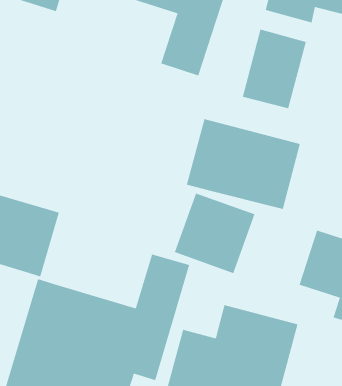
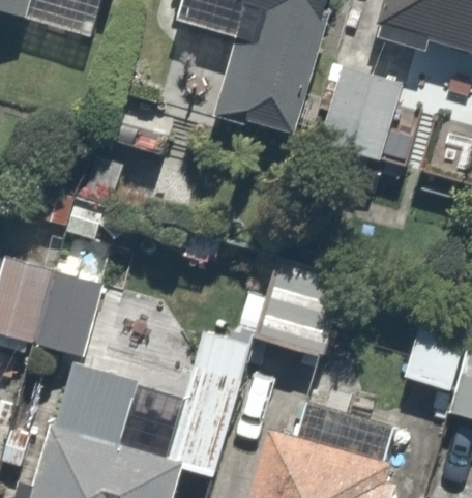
building: [186,118,301,210] -> none

